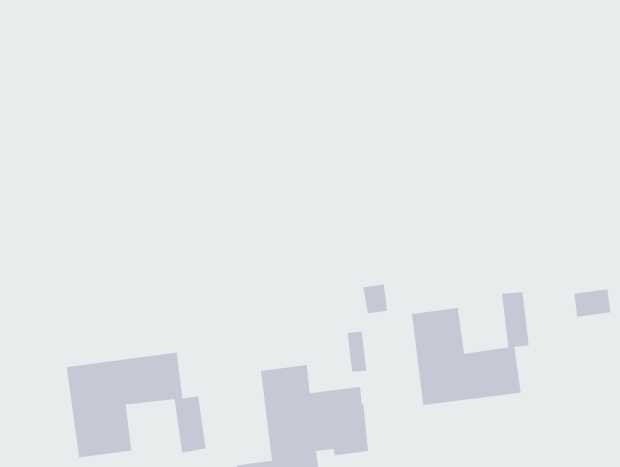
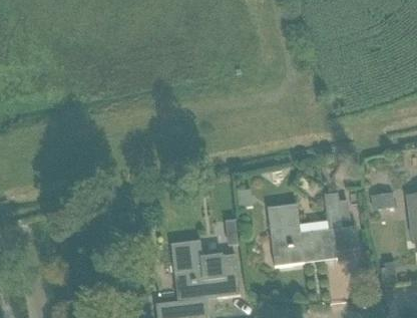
building: [66,352,206,458] -> none

